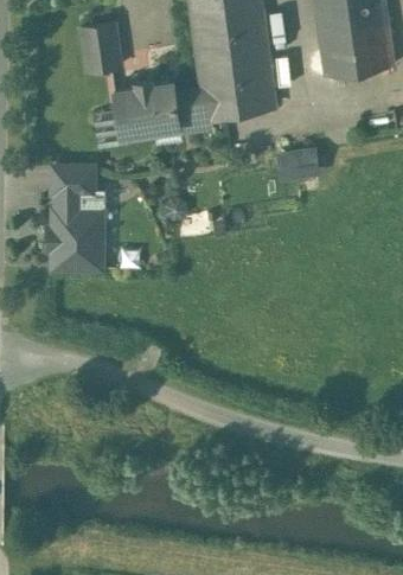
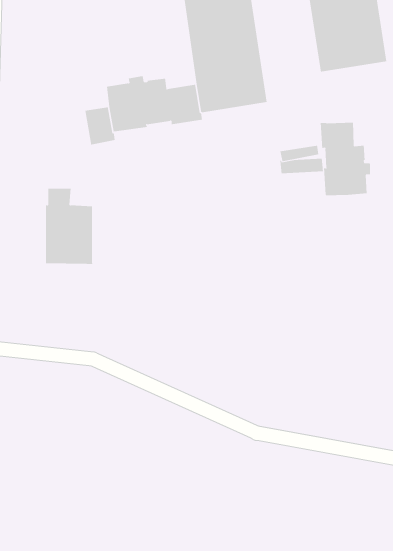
building: [81,24,121,72] -> none
building: none -> [320,122,372,196]
building: [55,167,92,192] -> none

